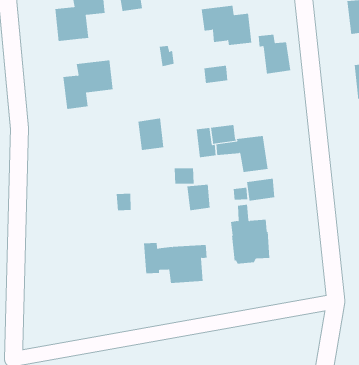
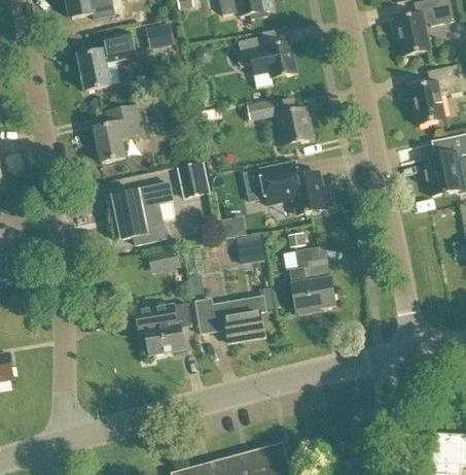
building: [258,34,291,74] -> [272,99,311,143]
building: none -> [109,180,172,243]
building: [246,178,275,202] -> none
building: none -> [136,300,191,353]

